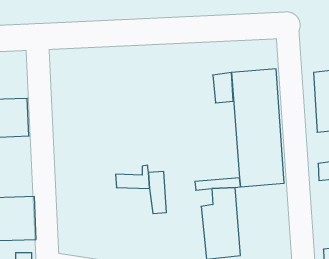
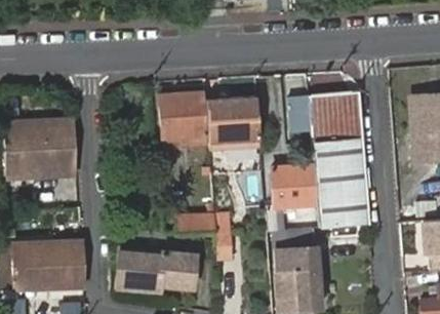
building: none -> [161,89,206,145]
building: none -> [209,94,262,148]
building: none -> [273,167,315,207]
building: none -> [118,249,193,291]

